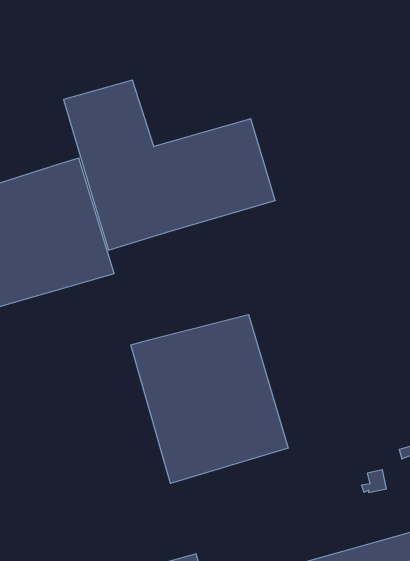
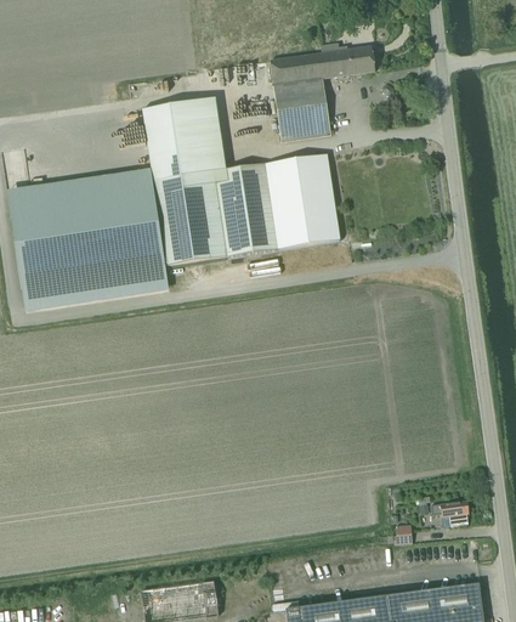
building: none -> [270,45,375,140]
building: [131,315,288,483] -> none

